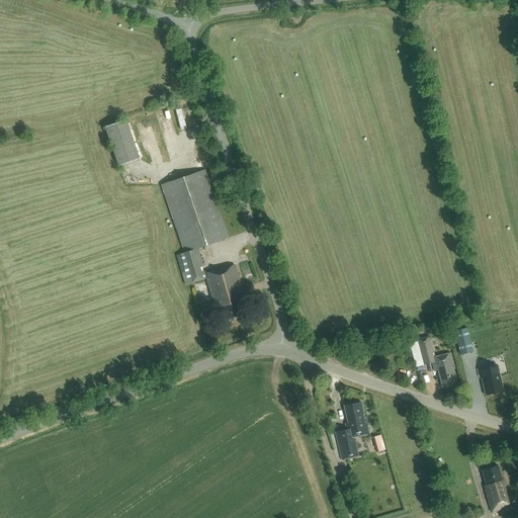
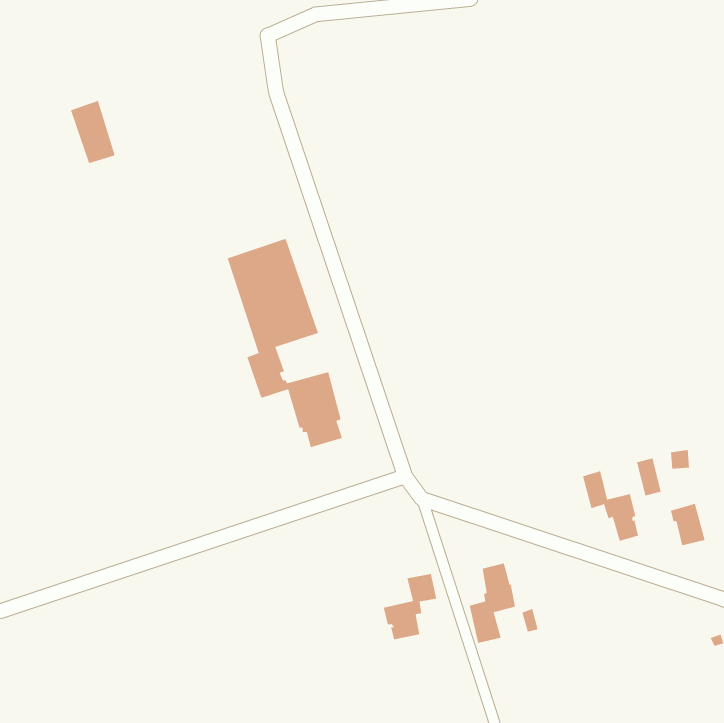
building: [106,118,139,164] -> [70,100,116,164]
building: none -> [383,573,437,640]
building: [482,465,513,512] -> none

